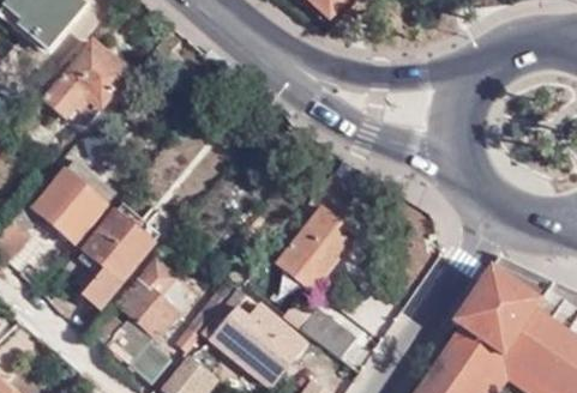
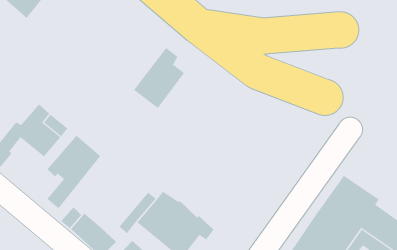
building: [43,40,131,125] -> none
building: [278,207,350,292] -> [133,47,185,109]
building: [121,258,197,339] -> none
building: [284,304,360,362] -> none

